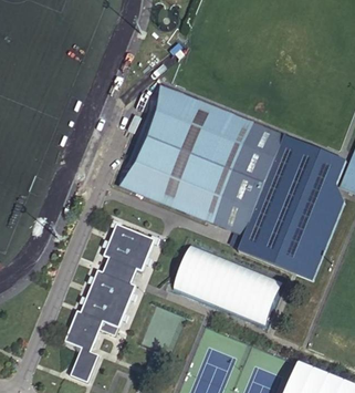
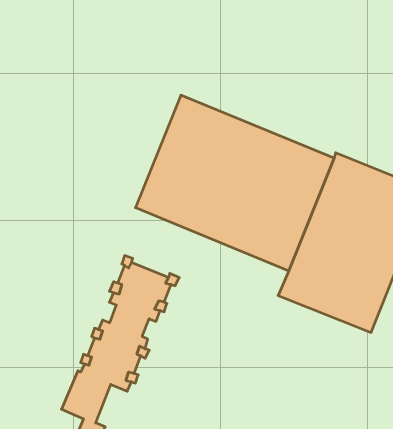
building: [169,244,283,328] -> none

